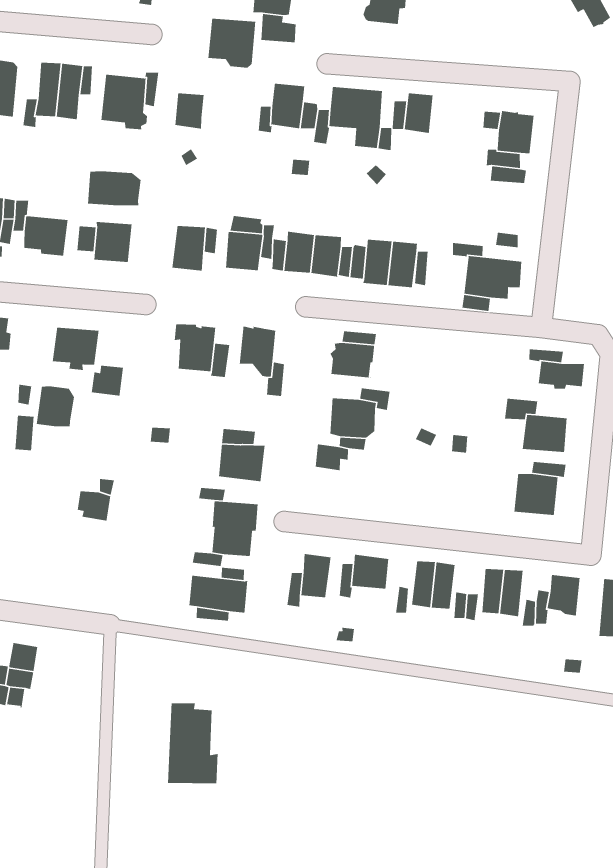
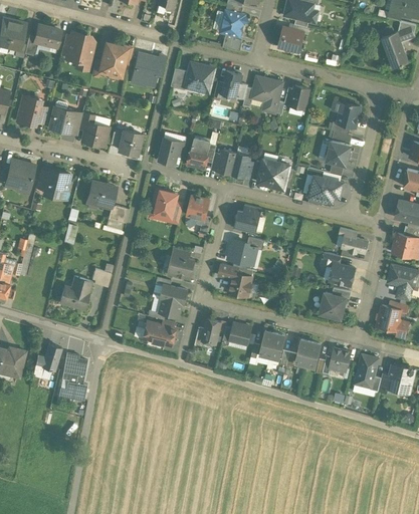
building: [208,18,256,68] -> [186,62,214,91]
building: [87,170,142,206] -> none
building: none -> [326,141,351,165]
building: [36,385,75,427] -> none
building: none -> [229,272,252,295]
building: none -> [59,276,92,310]
building: [167,702,219,784] -> [58,353,87,400]

